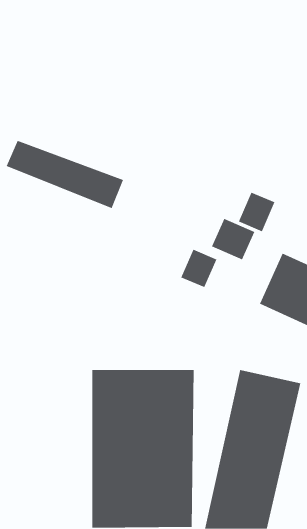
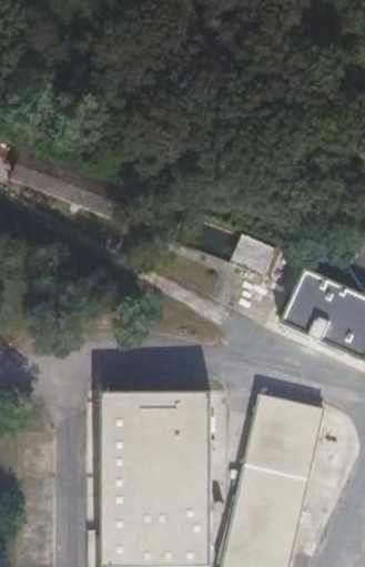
building: [238,192,275,232] -> none
building: [181,249,217,288] -> none

